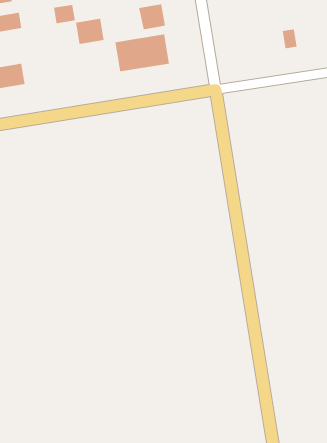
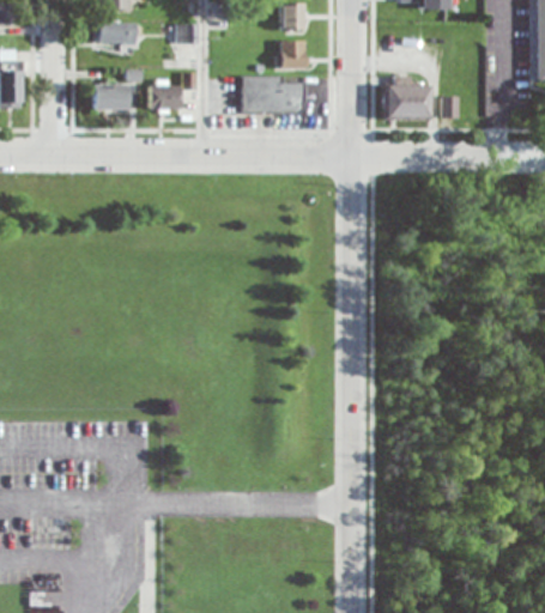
building: [75,18,104,45] -> [147,84,178,111]
building: none -> [386,83,430,120]

